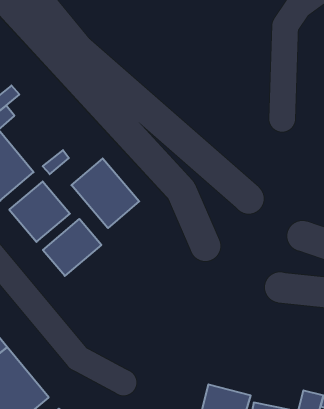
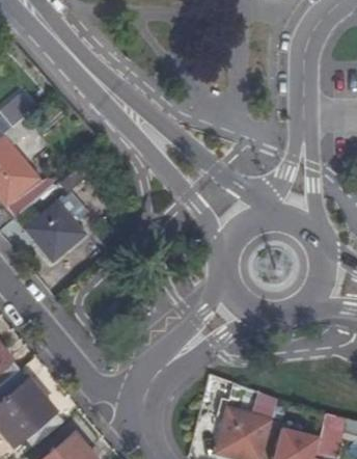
building: [71,158,139,228] -> none
building: [43,219,101,276] -> none

